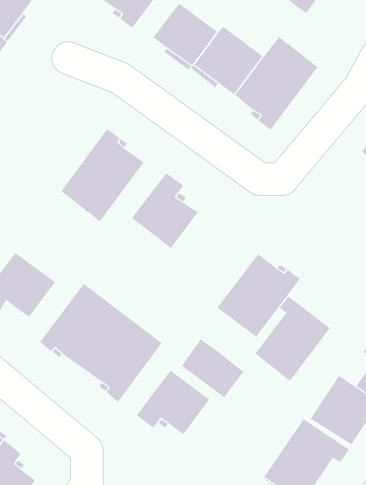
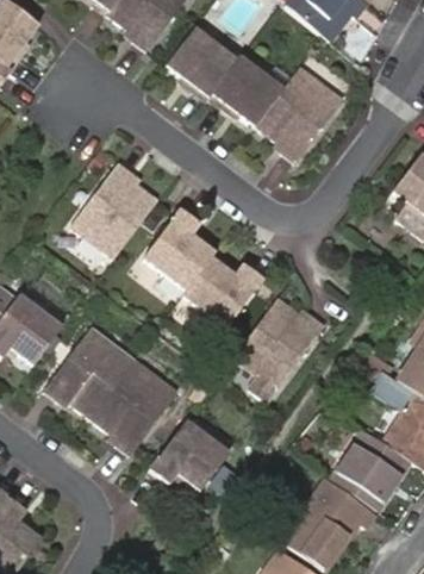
building: none -> [182,258,262,329]
building: [255,295,331,382] -> none
building: [181,338,244,398] -> none

